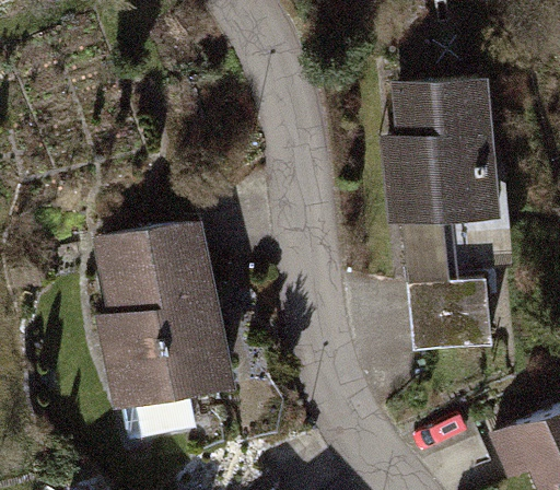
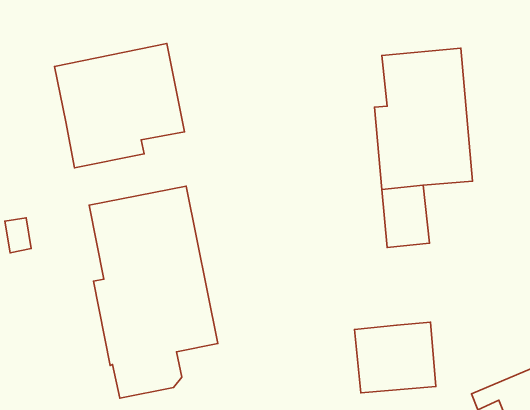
building: none -> [54,43,184,168]
building: [407,276,491,349] -> [355,322,436,393]

